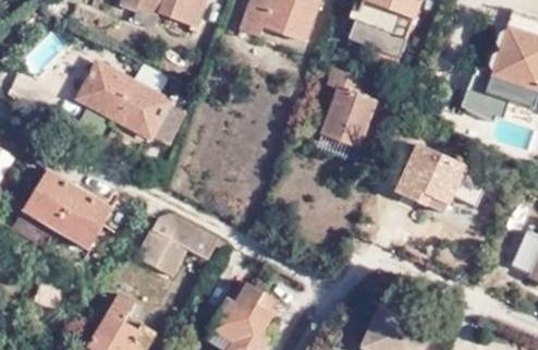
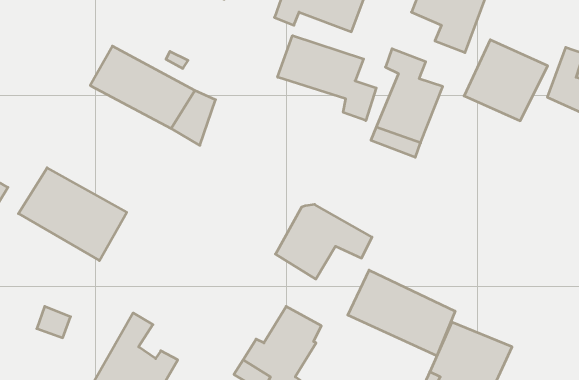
building: none -> [278,36,376,121]
building: [395,145,465,213] -> [464,40,548,121]
building: [137,209,218,271] -> [275,204,372,279]
building: none -> [348,270,455,356]

